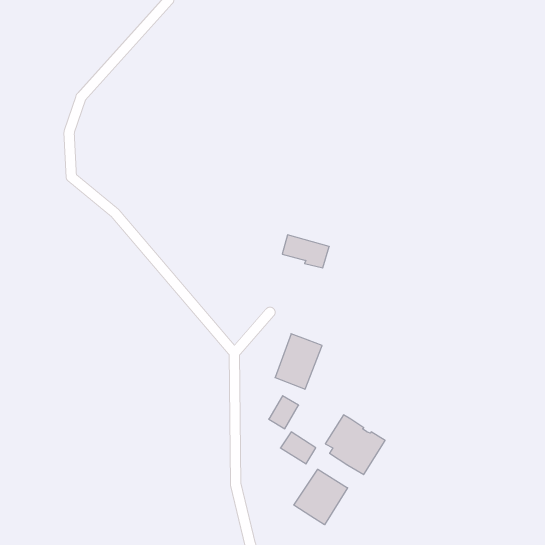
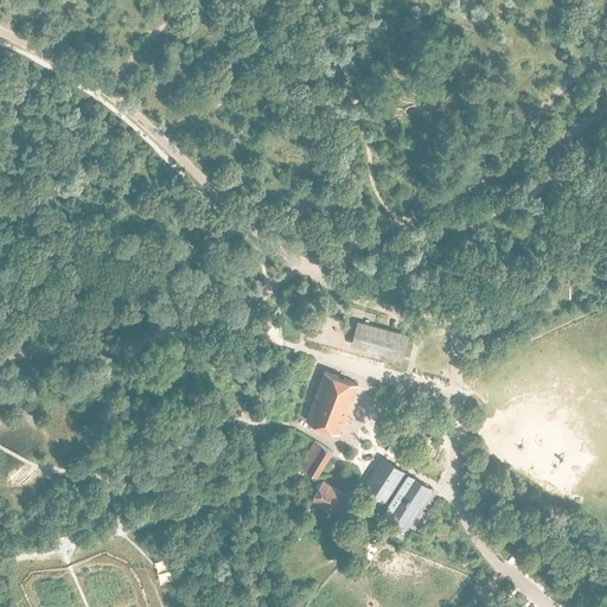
building: [282,235,329,268] -> [357,322,409,359]
building: [294,469,348,525] -> none

